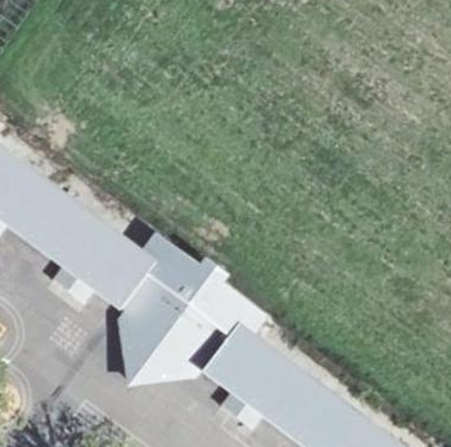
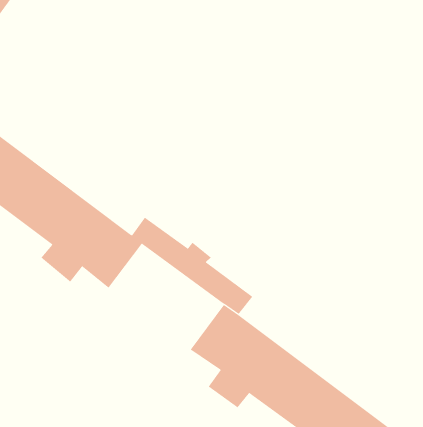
building: [121,262,236,382] -> none

